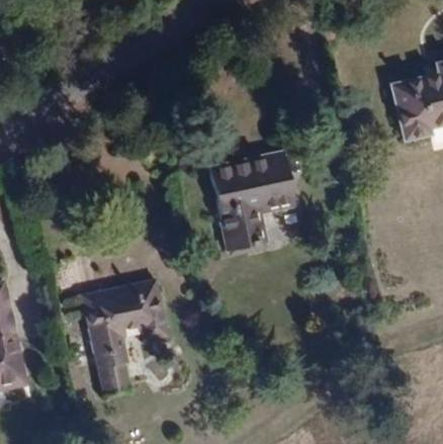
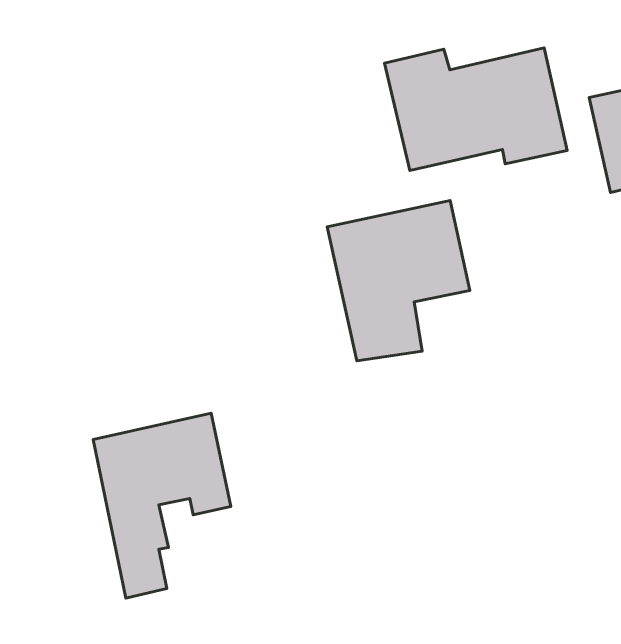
building: none -> [384,48,567,170]

